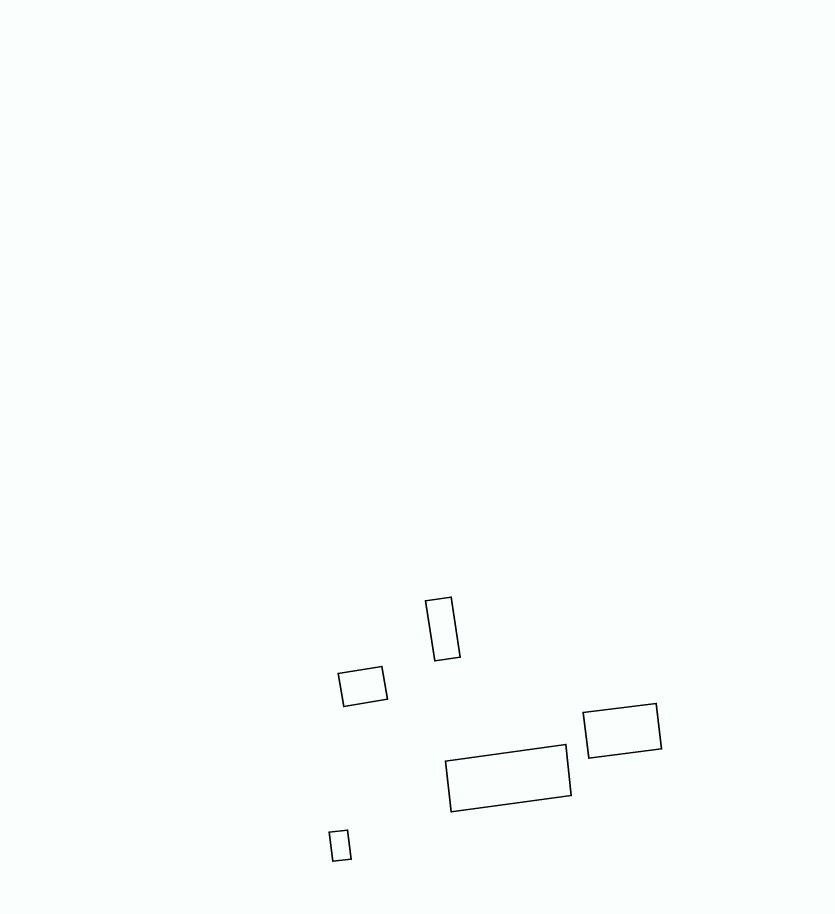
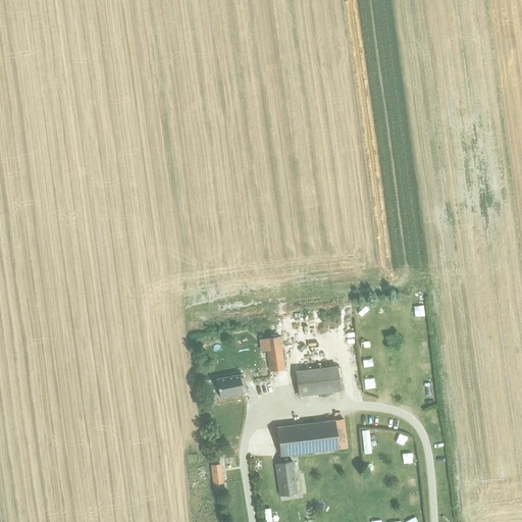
building: [583,703,662,758] -> [296,366,340,397]
building: none -> [276,461,297,497]

